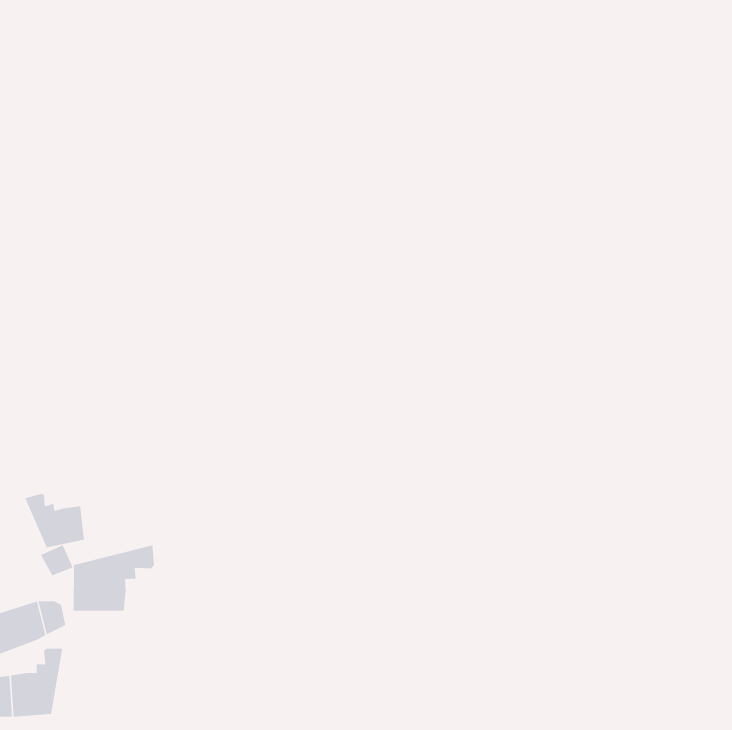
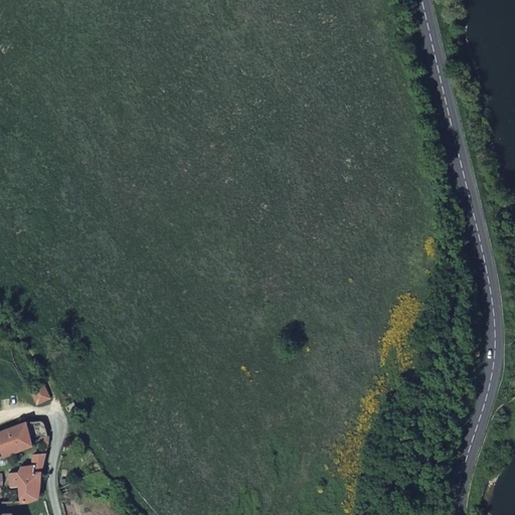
building: [25,493,85,548] -> none
building: [73,545,154,612] -> none

